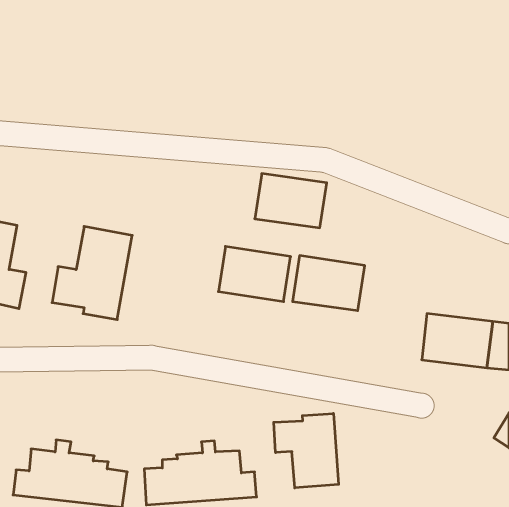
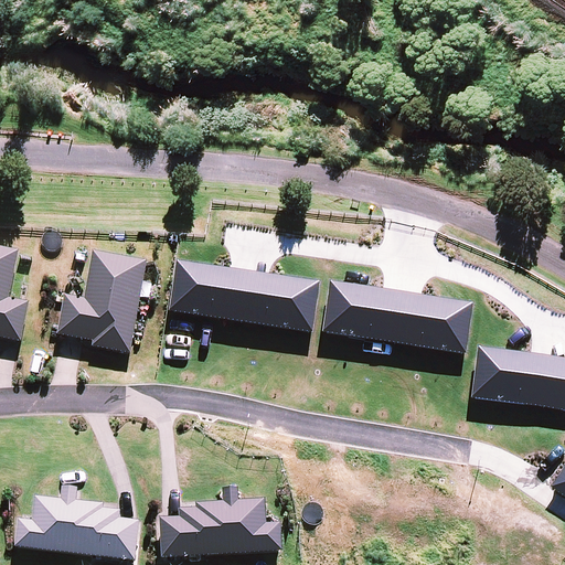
building: [255,174,327,228] -> [169,262,248,321]
building: none -> [394,292,473,353]
building: [274,413,339,488] -> none

